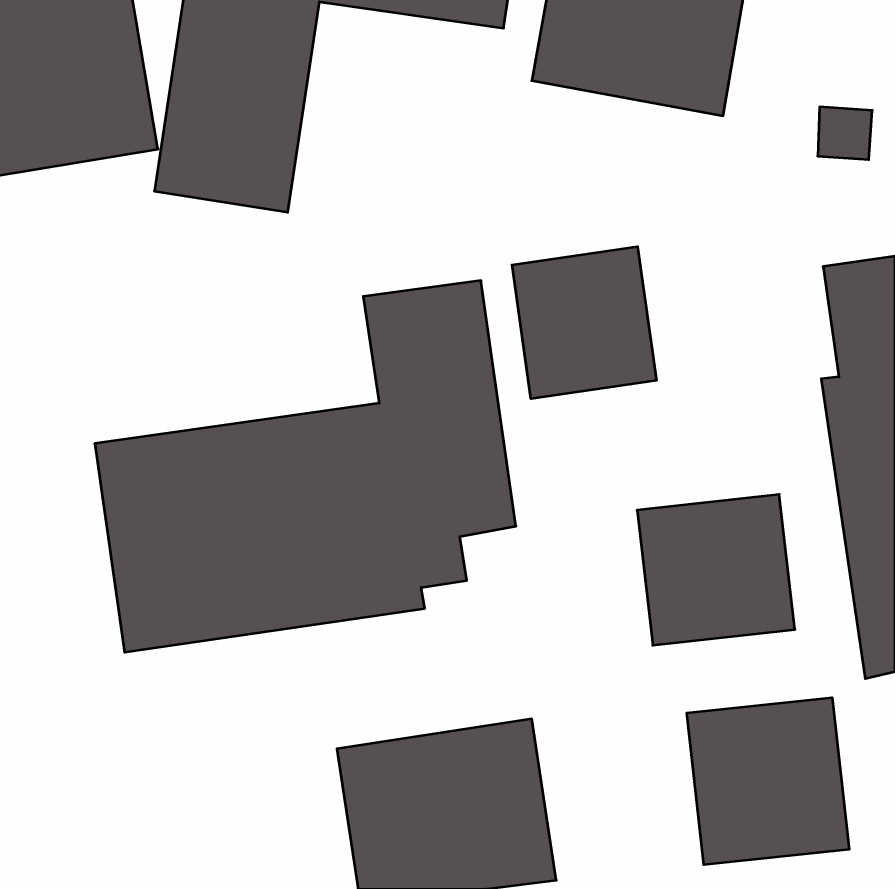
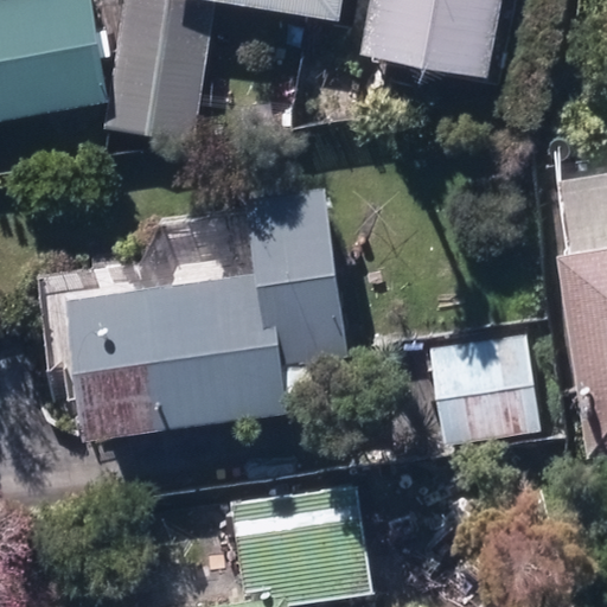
building: [512,247,656,399] -> none
building: [687,698,849,865] -> none

